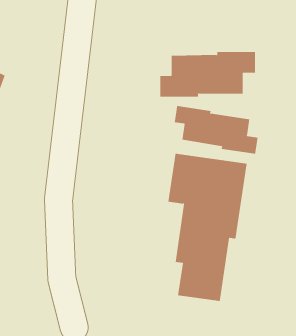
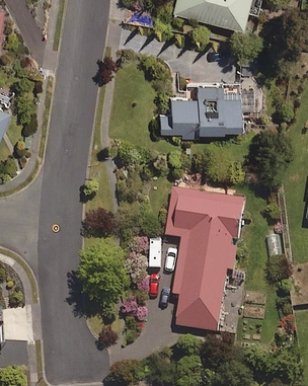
building: [174,105,258,155] -> none

